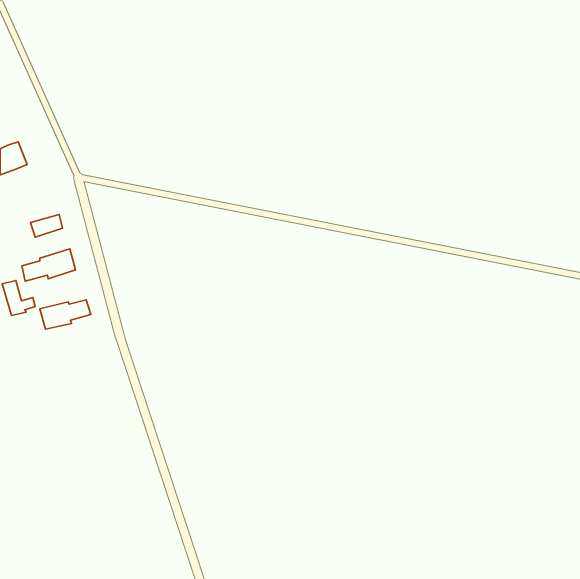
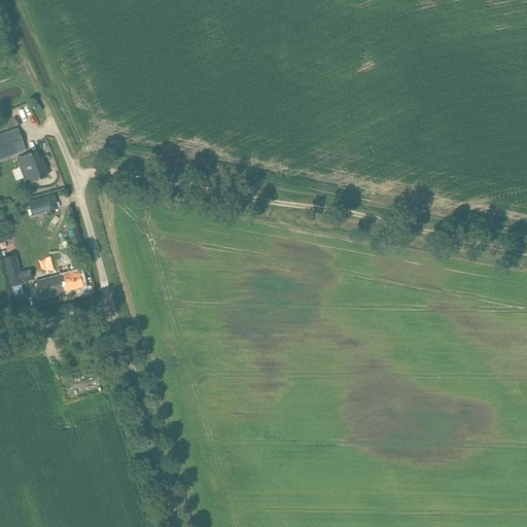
building: none -> [21,151,47,183]
building: [22,249,75,281] -> none

